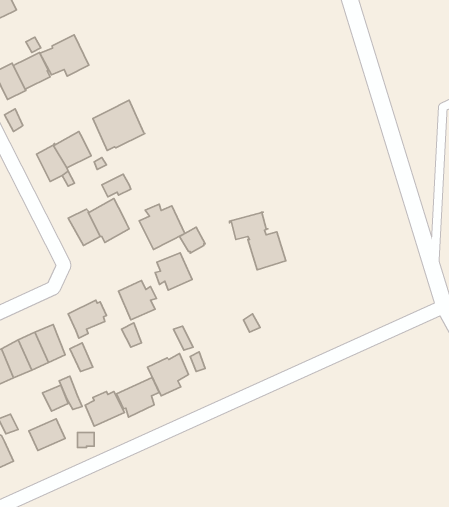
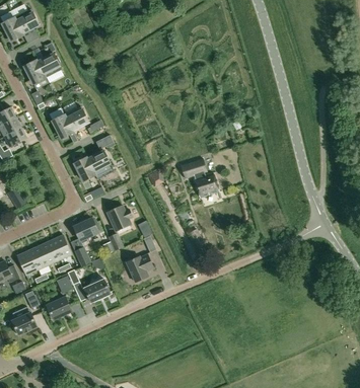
building: [40,35,89,76] -> none
building: [93,100,145,150] -> none
building: [139,204,185,250] -> none
building: [155,253,192,290] -> none
building: [117,378,159,417] -> none

